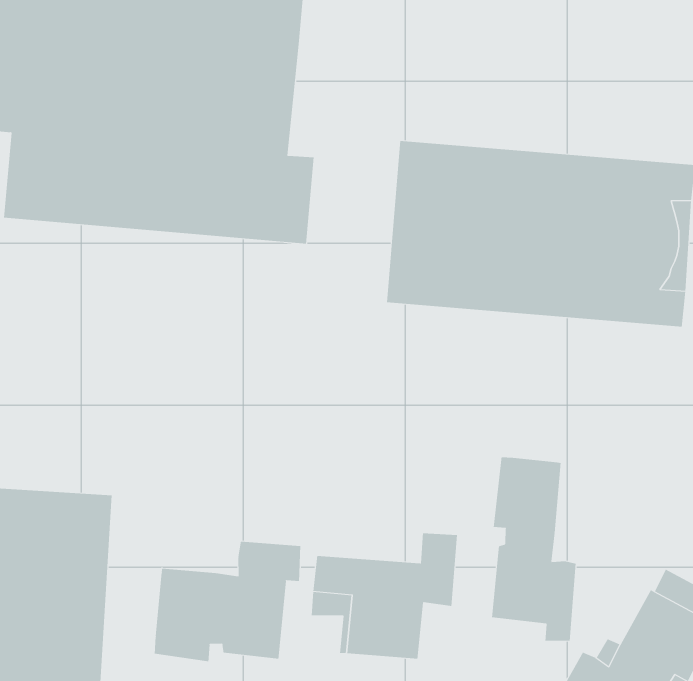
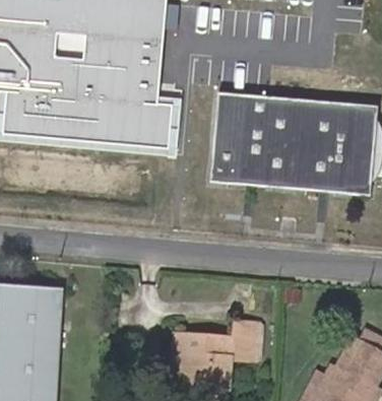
building: [492,456,576,641] -> none
building: [154,541,301,662] -> none

